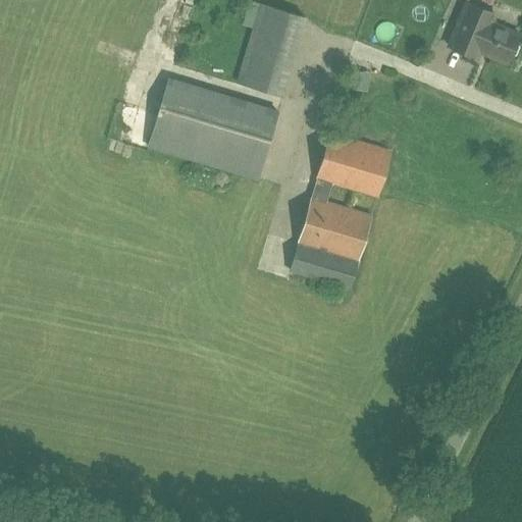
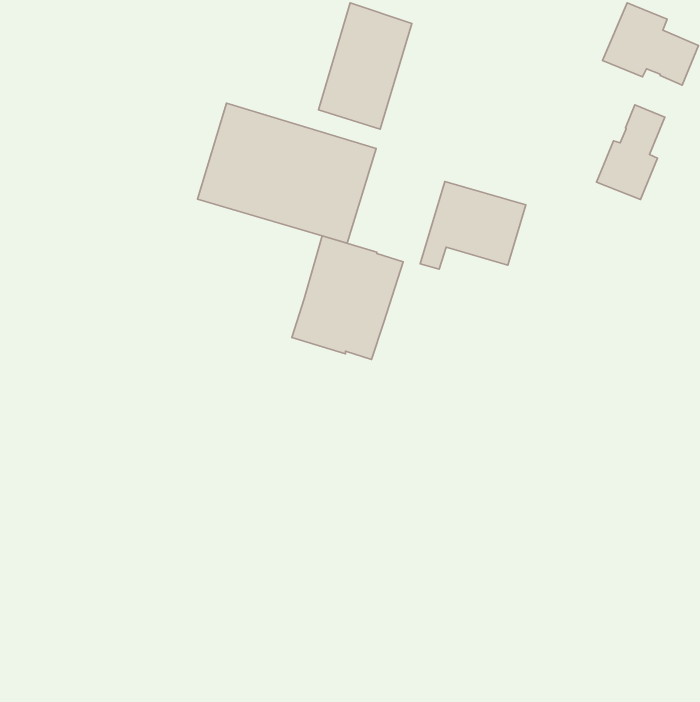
building: none -> [597,105,665,199]
building: [290,197,372,289] -> [292,236,403,359]

